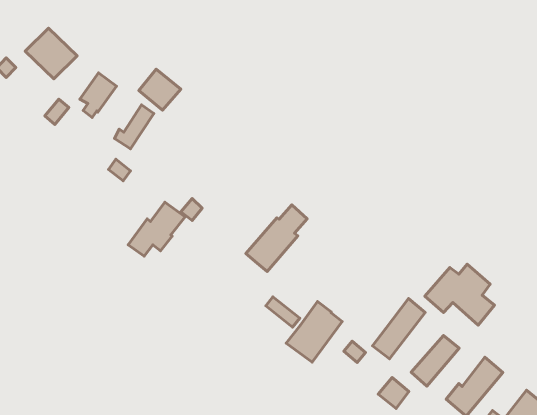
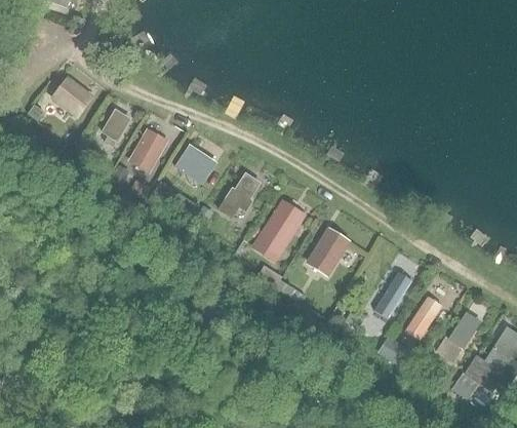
building: [139,69,181,110] -> [182,148,216,182]
building: [128,202,185,256] -> [217,170,263,218]
building: [425,264,495,325] -> none
building: [286,302,342,362] -> [306,225,351,276]

